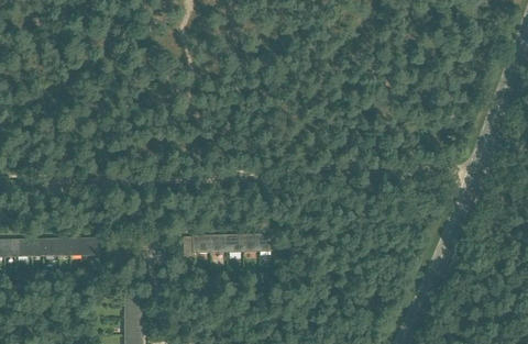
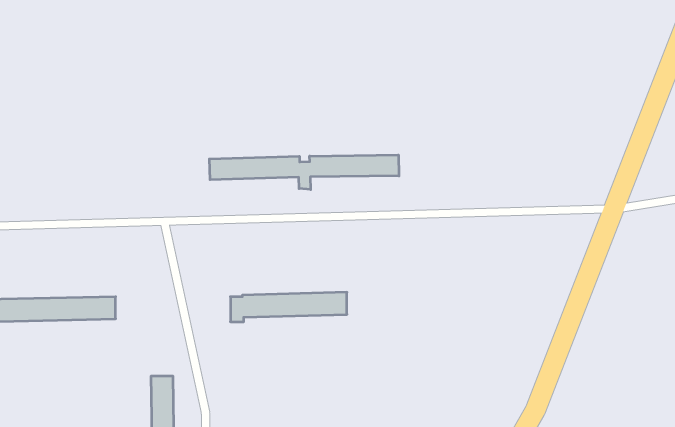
building: none -> [209,155,399,190]

